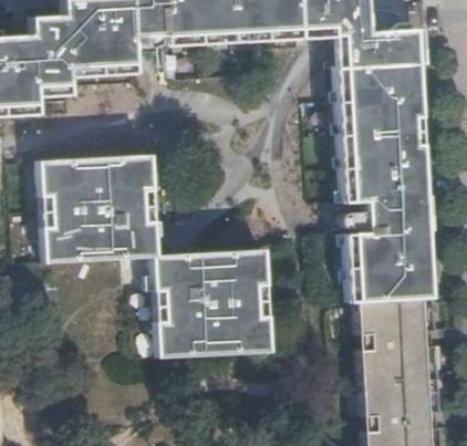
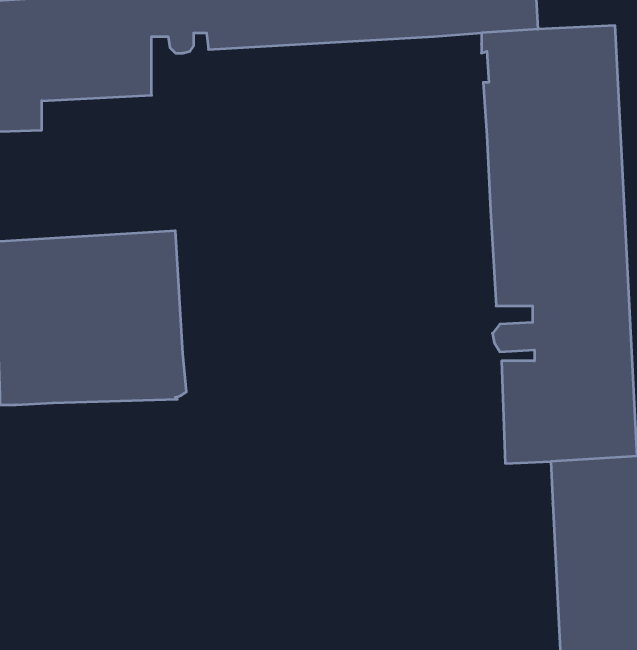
building: [146,253,266,360] -> none

